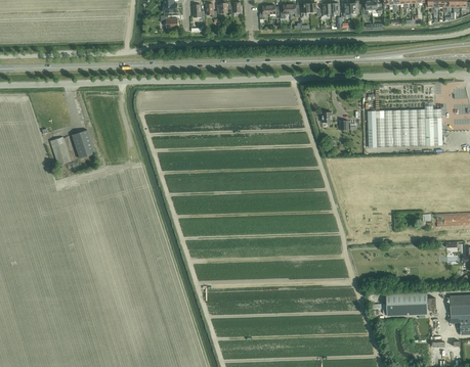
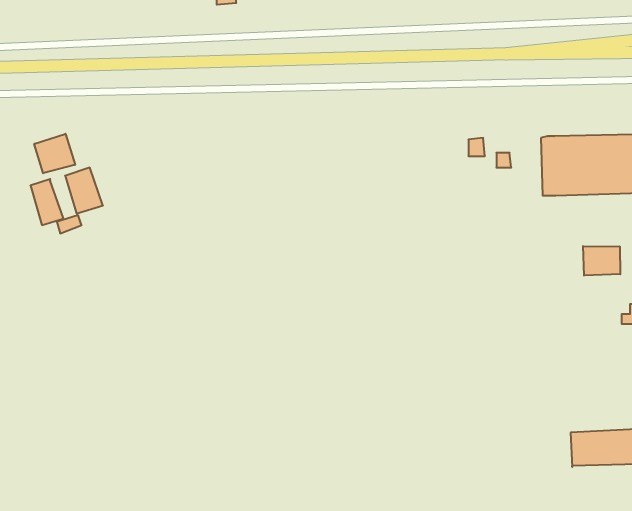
building: none -> [34,134,75,173]
building: none -> [583,246,620,276]

